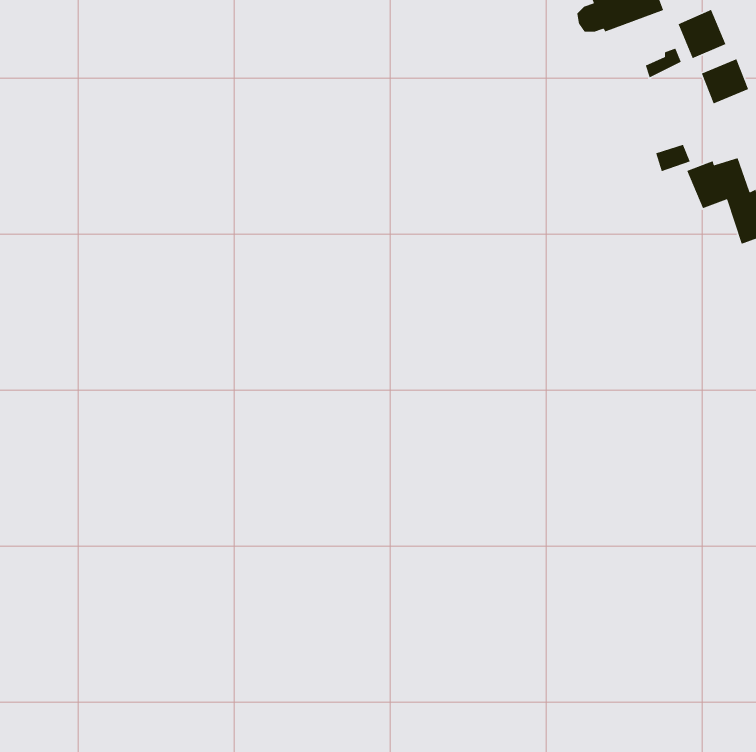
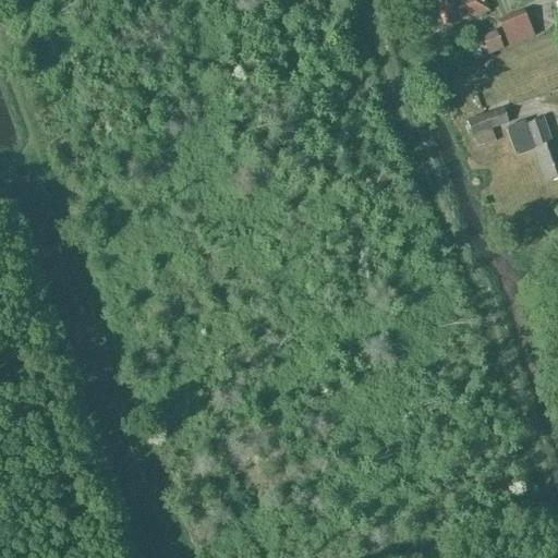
building: [701,58,749,104] -> none

